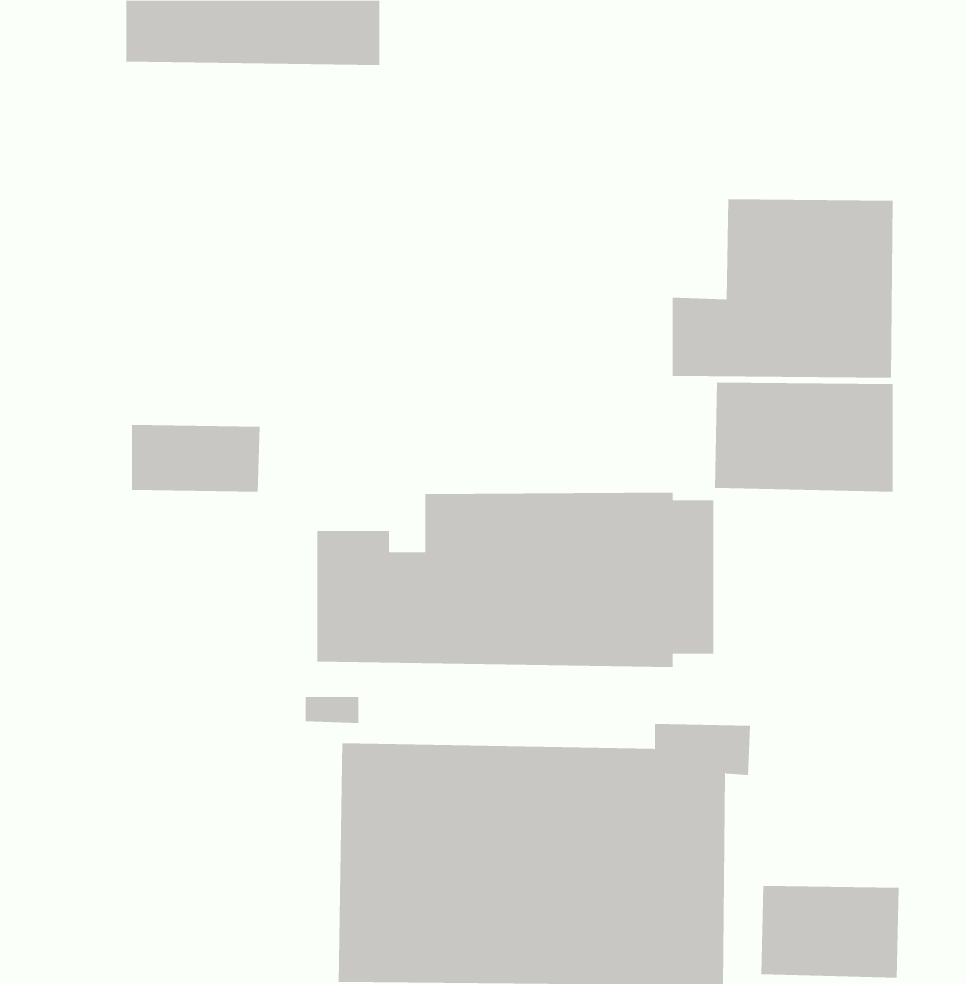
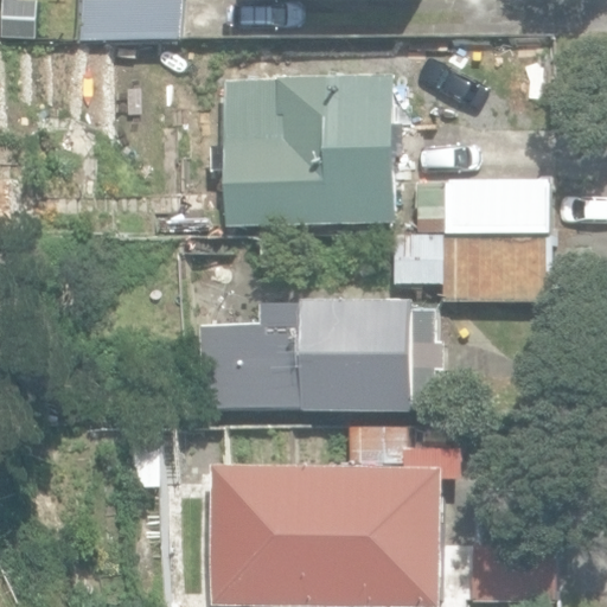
building: none -> [221,74,395,224]

